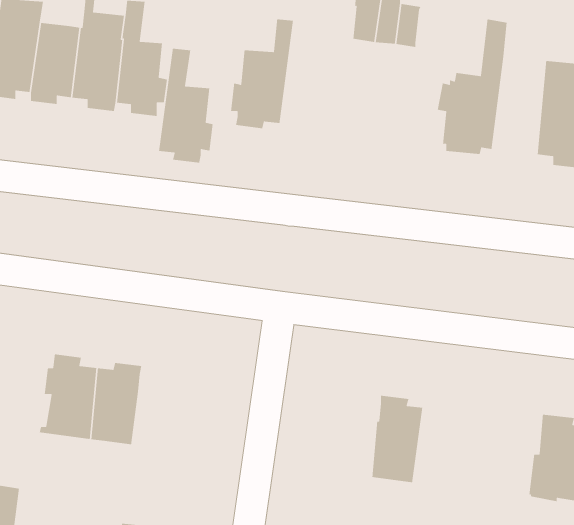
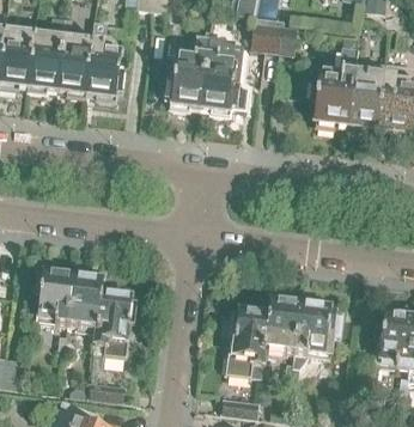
building: [158,48,214,164] -> [201,35,239,115]
building: none -> [348,60,385,134]
building: none -> [95,292,139,356]
building: none -> [291,299,343,377]
building: none -> [226,309,268,377]

